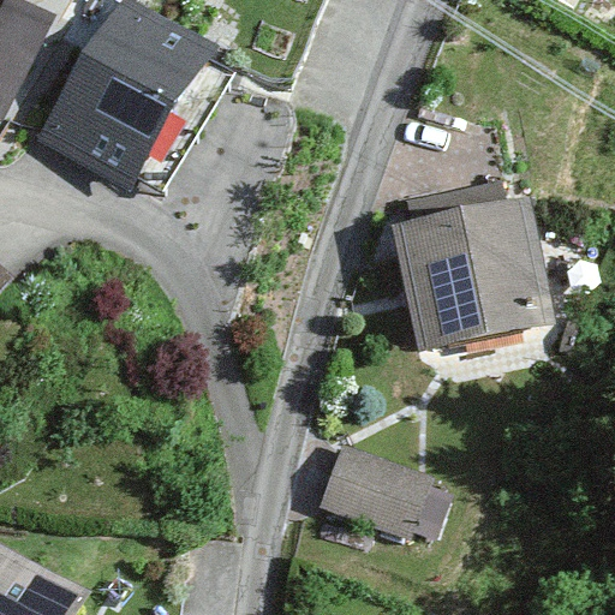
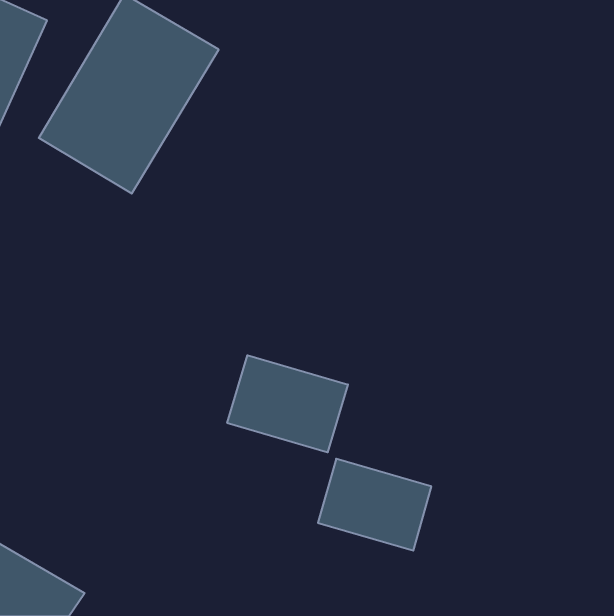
building: [394,195,549,345] -> none
building: none -> [227,355,348,452]

